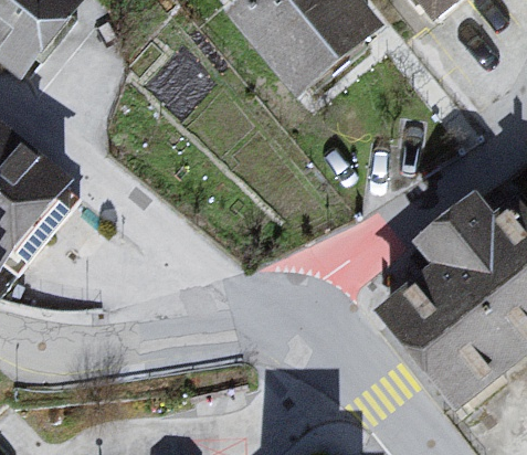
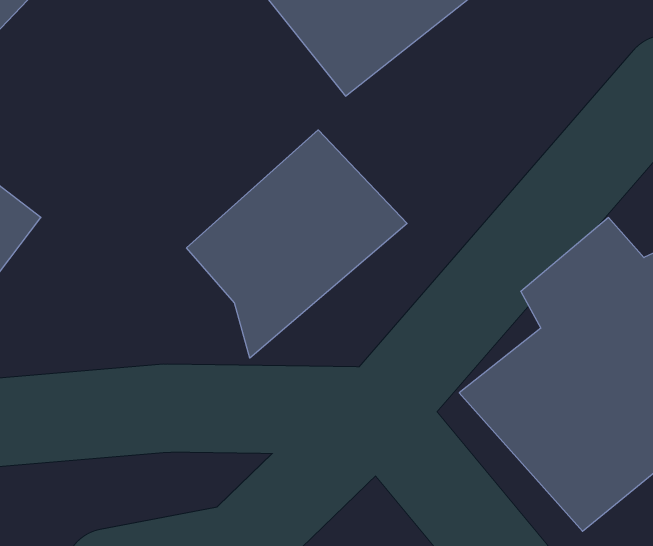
building: none -> [187,130,407,358]

